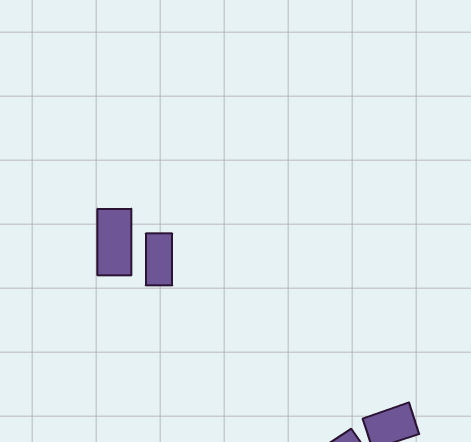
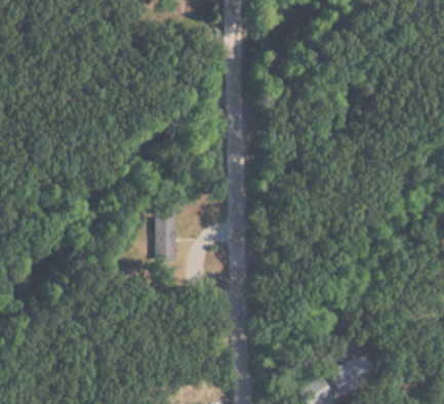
building: [98,209,131,275] -> none

